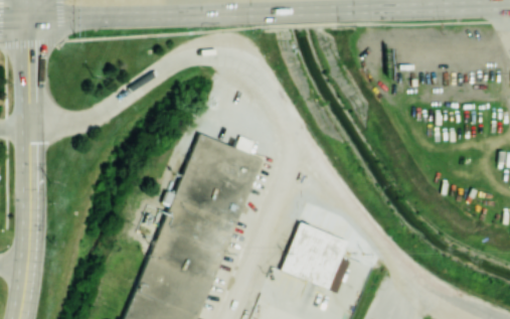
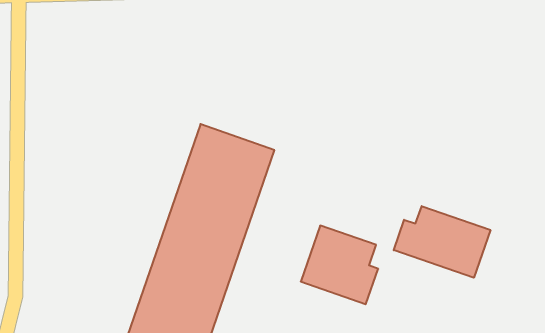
building: none -> [394,206,490,278]

